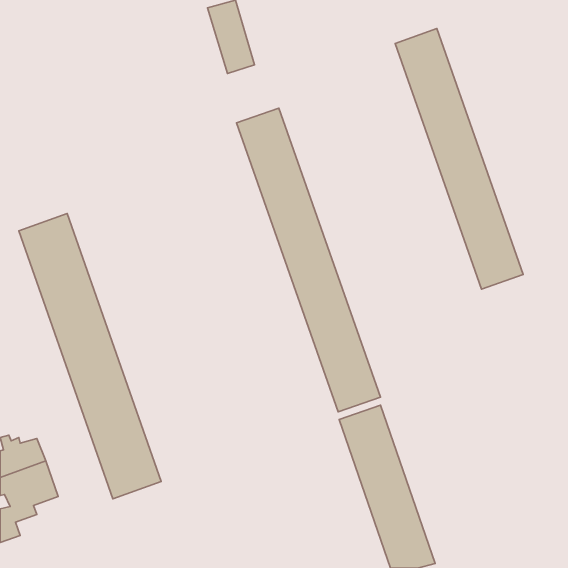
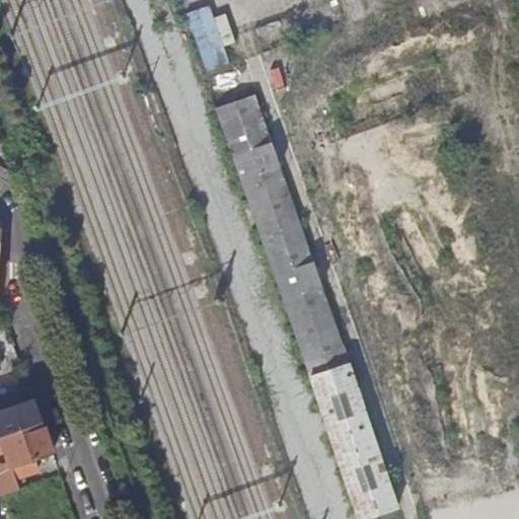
building: [395,29,523,289] -> none
building: [19,214,161,499] -> none

